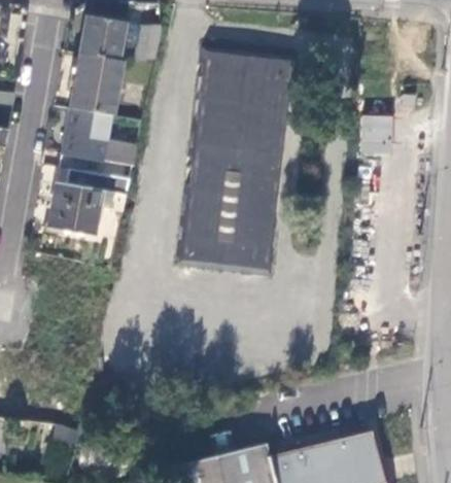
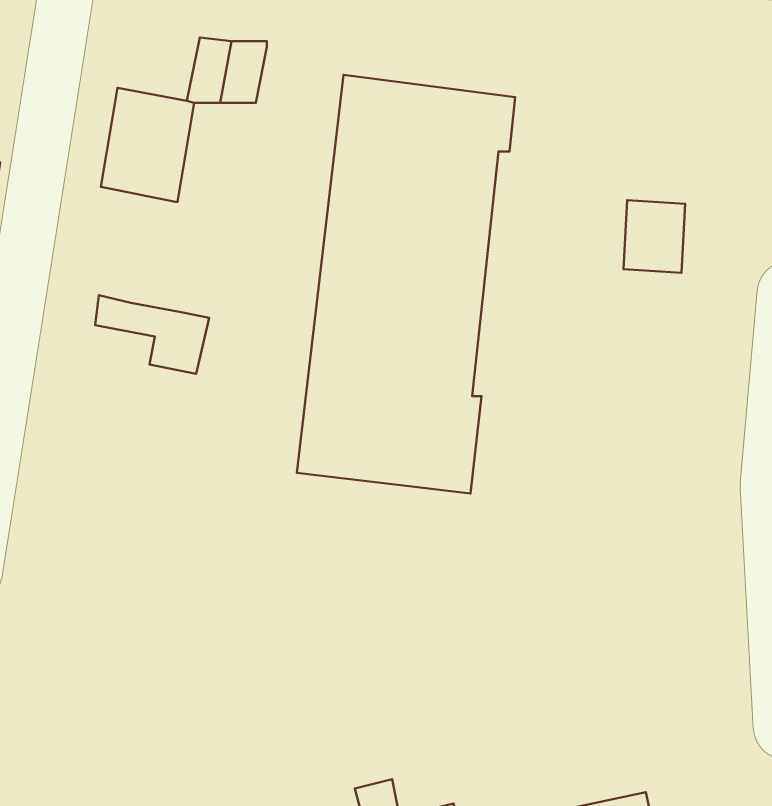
building: [79,14,125,60] -> none
building: [60,107,137,179] -> none
building: [44,181,100,235] -> none

